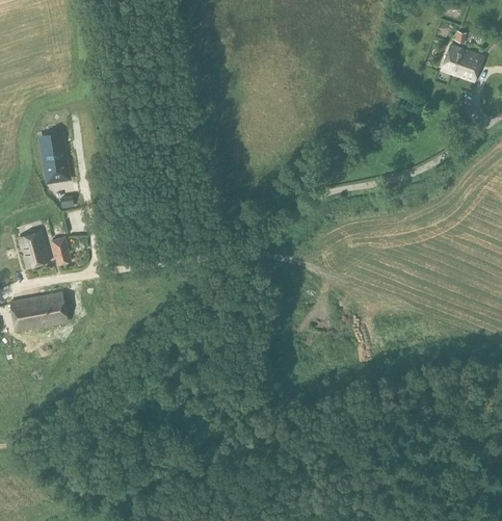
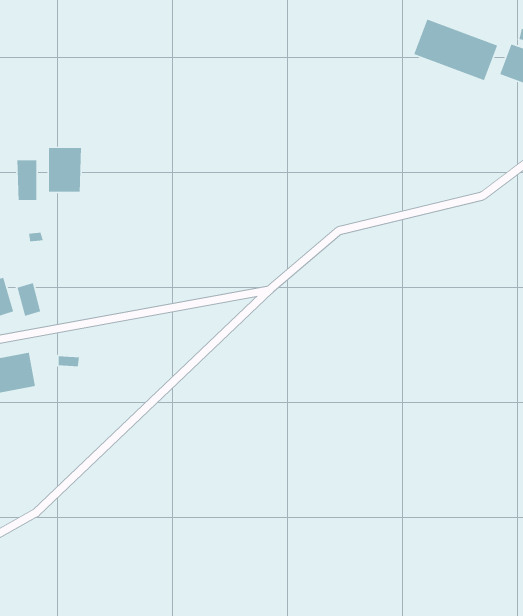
building: none -> [413,18,498,81]
building: none -> [48,147,82,193]

